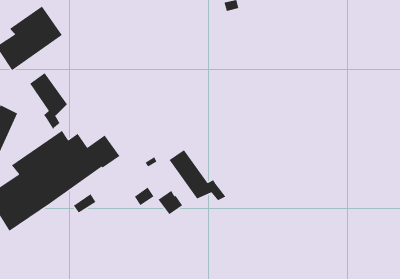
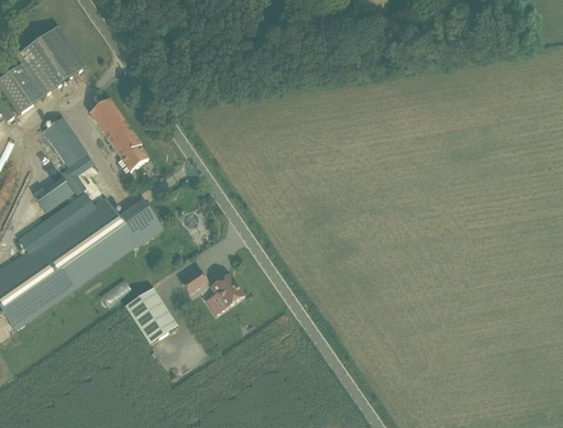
building: none -> [89,99,147,171]
building: none -> [34,177,71,211]
building: [169,149,226,201] -> none
building: none -> [123,288,177,344]

